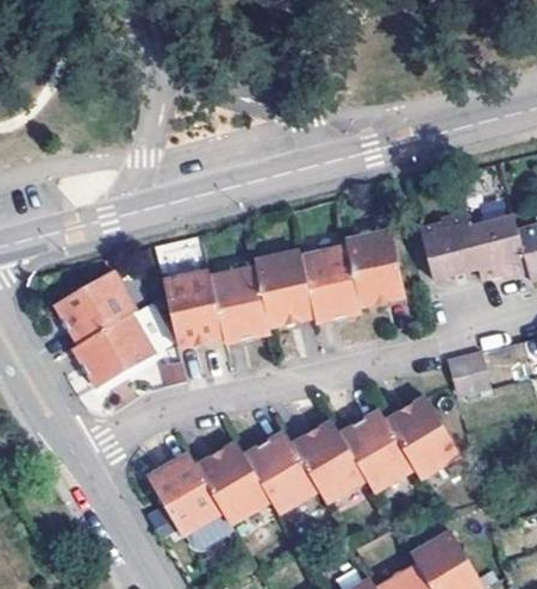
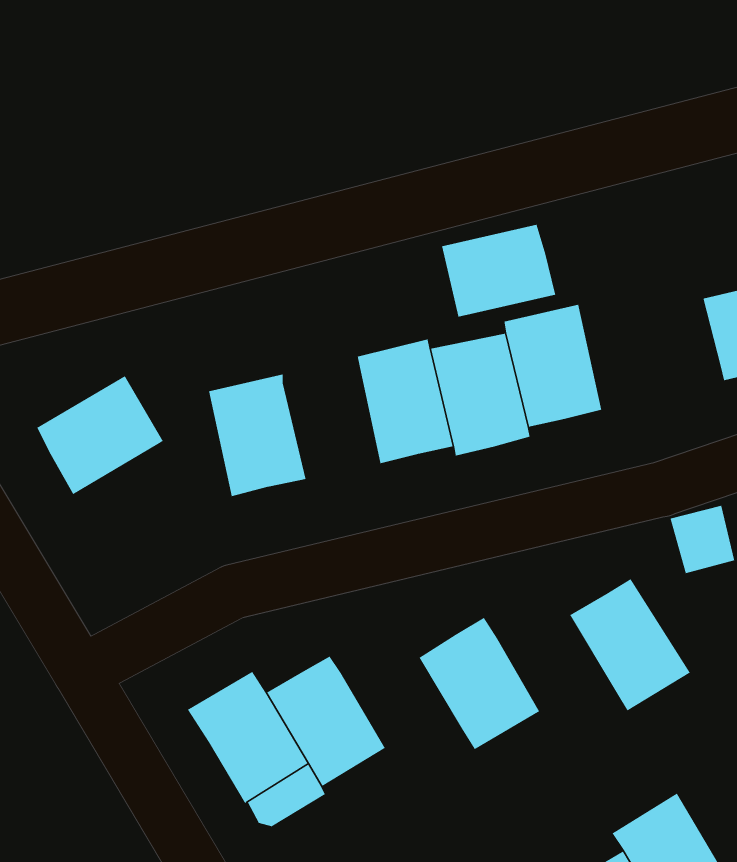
building: none -> [441,224,556,317]
building: [417,215,477,278] -> none
building: [208,266,269,342] -> none
building: [74,315,152,388] -> none
building: [341,410,413,491] -> none
building: [244,432,318,514] -> none

